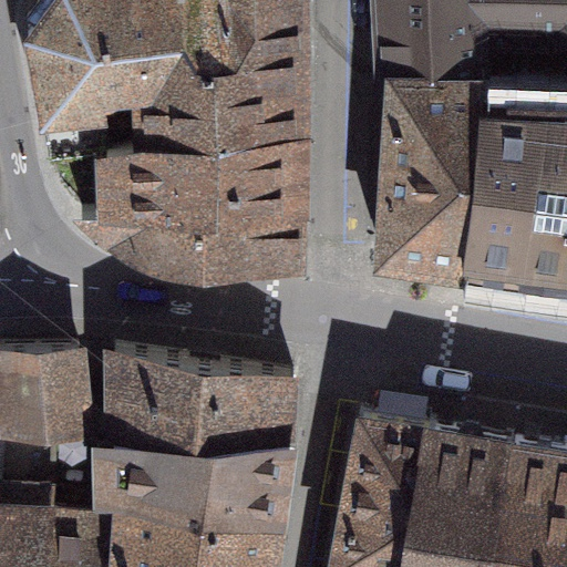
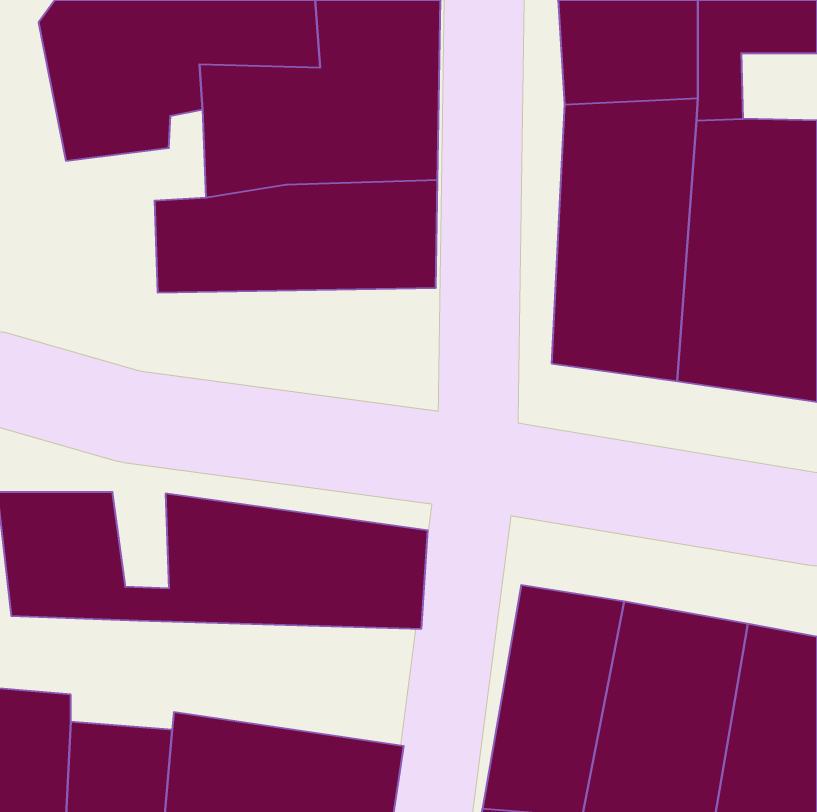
building: [80,205,300,267] -> none
building: [95,434,290,520] -> none

